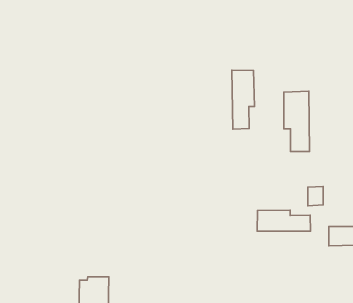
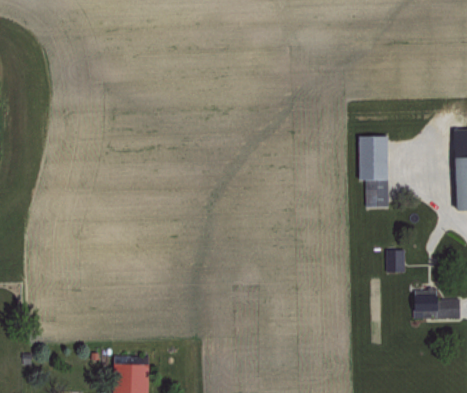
building: [232,70,254,129] -> none
building: [257,210,310,231] -> none

